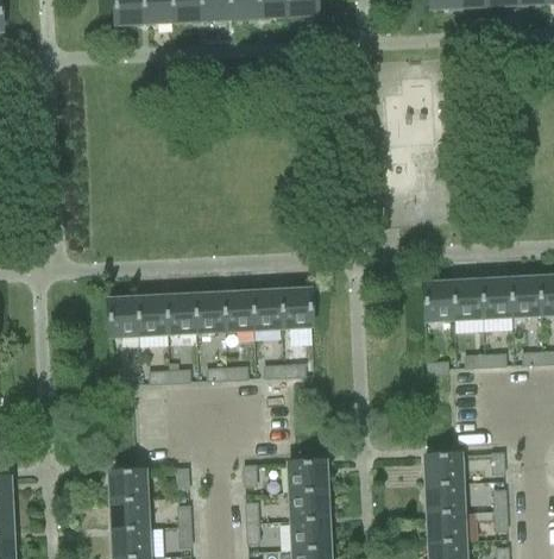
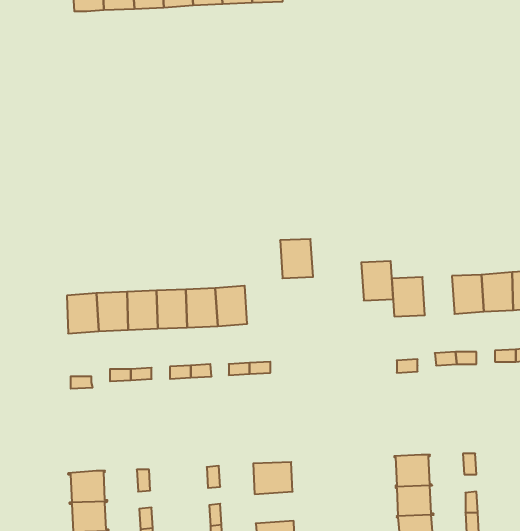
building: [453,281,484,319] -> [361,261,393,300]
building: [281,289,313,327] -> [280,239,313,278]
building: [290,490,328,521] -> none

